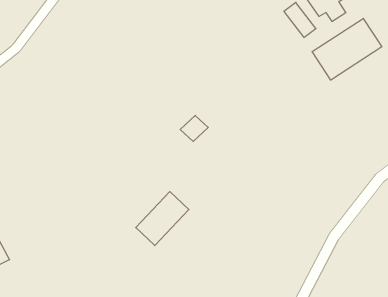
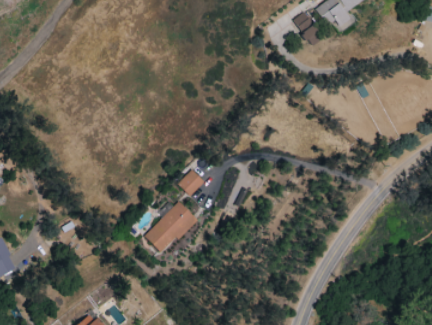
building: [312,18,382,80] -> none
building: [180,115,208,141] -> [177,169,205,195]

